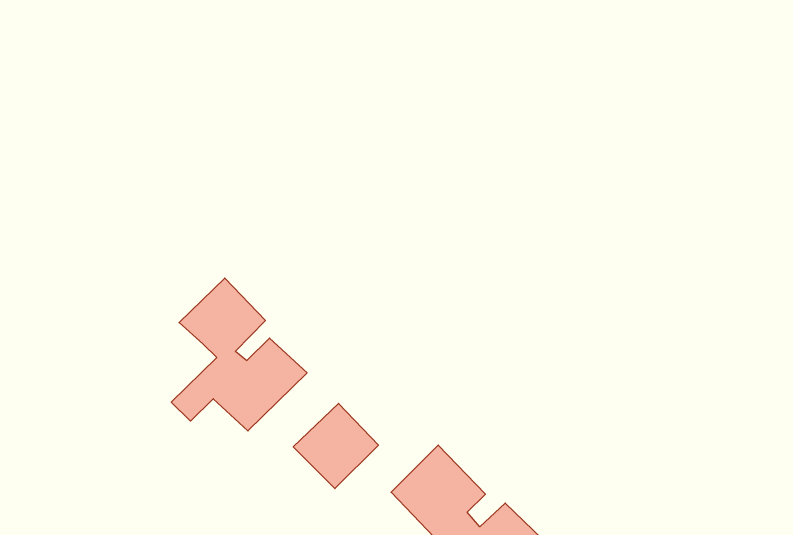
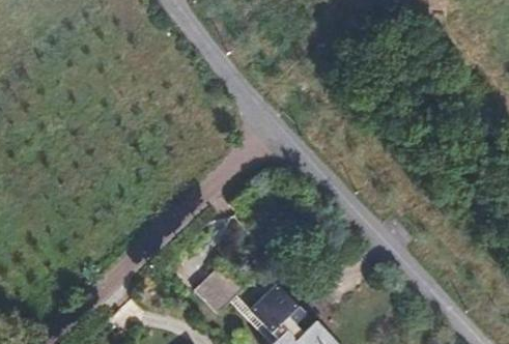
building: [171,278,307,431] -> none

